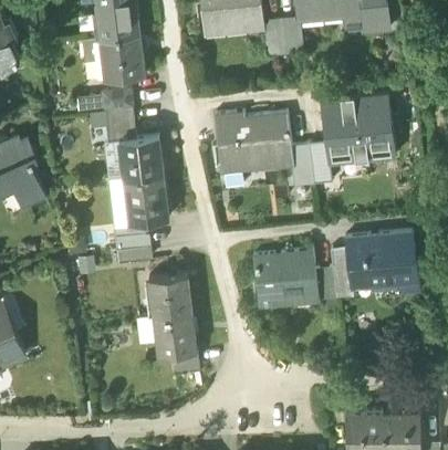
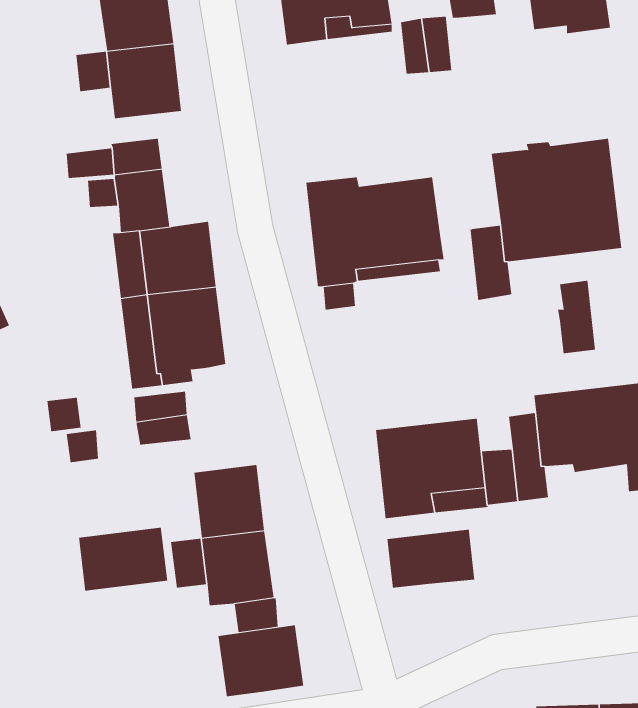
building: [291,142,313,184] -> [557,280,596,354]
building: [352,275,399,296] -> none
building: none -> [78,527,168,592]
building: none -> [387,529,475,588]
building: none -> [218,625,304,697]

